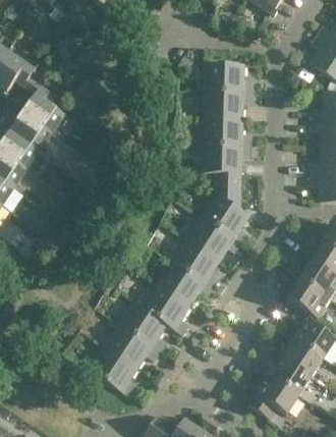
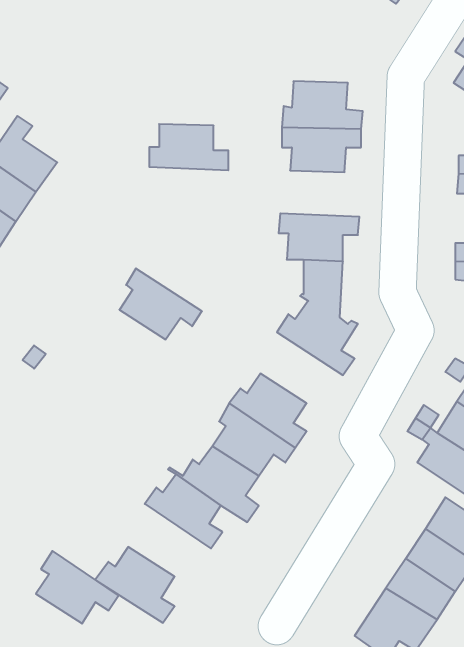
building: [203,118,251,147] -> [149,124,228,170]
building: [190,218,241,262] -> [119,268,202,339]
building: [109,324,160,369] -> [36,551,118,624]

